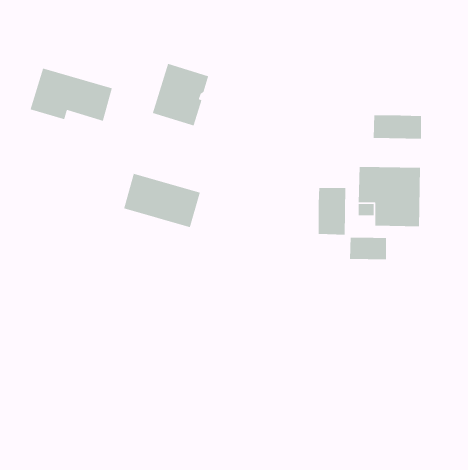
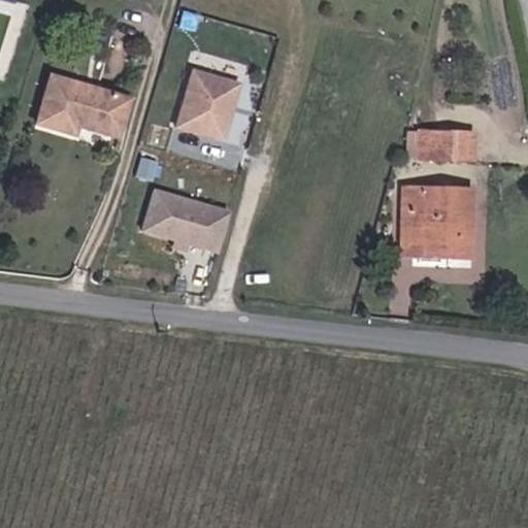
building: [318,187,346,236] -> none
building: [349,237,387,260] -> none

